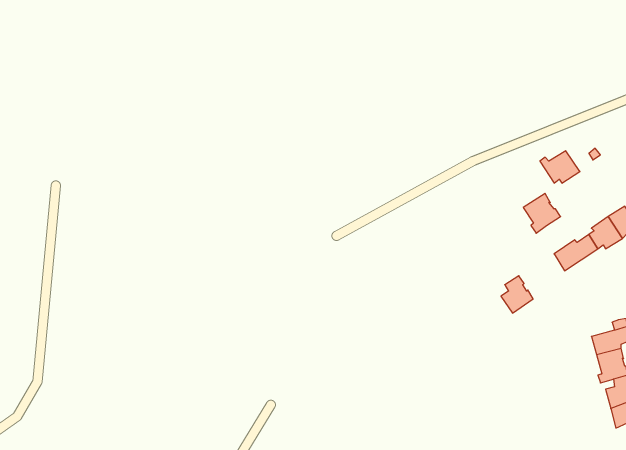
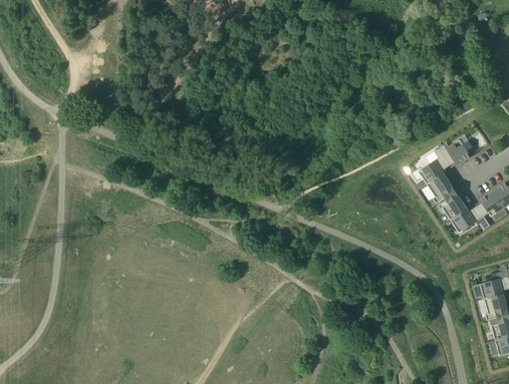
building: none -> [420,147,452,183]
building: [501,276,533,313] -> [443,190,468,220]

